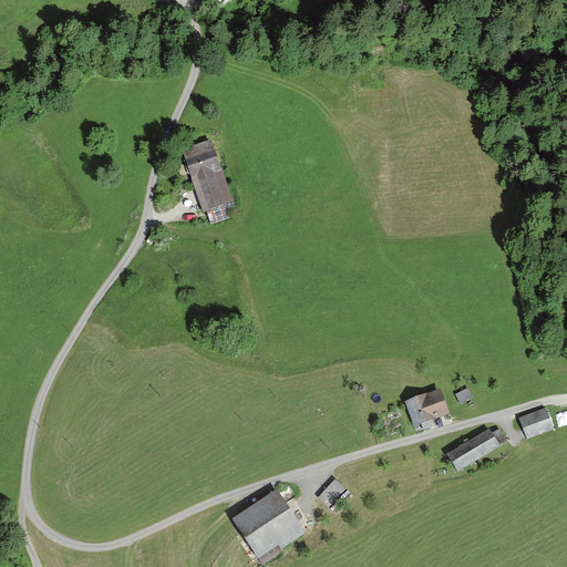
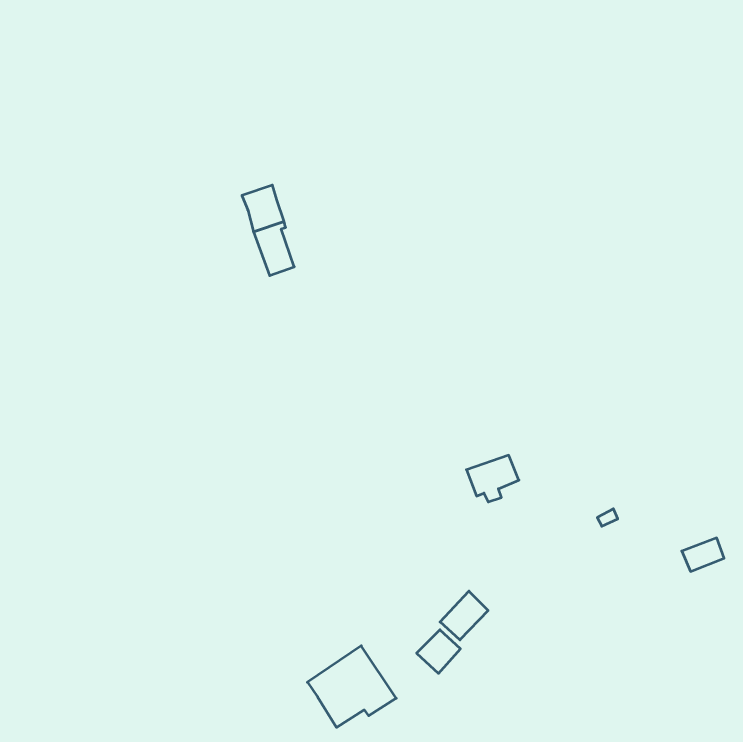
building: [406,391,446,426] -> [466,455,519,502]
building: [446,427,505,468] -> none
building: none -> [440,591,488,640]

